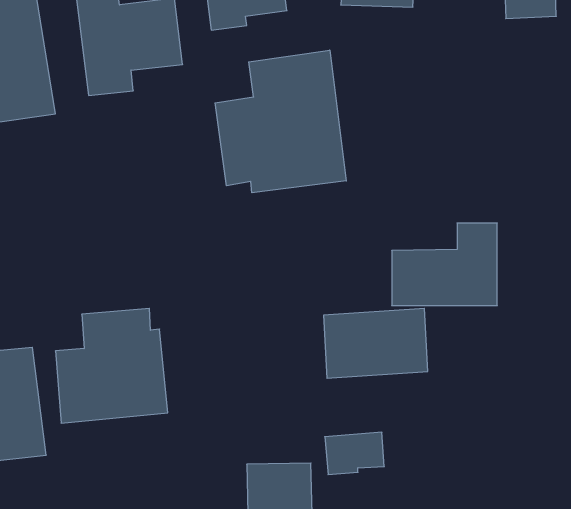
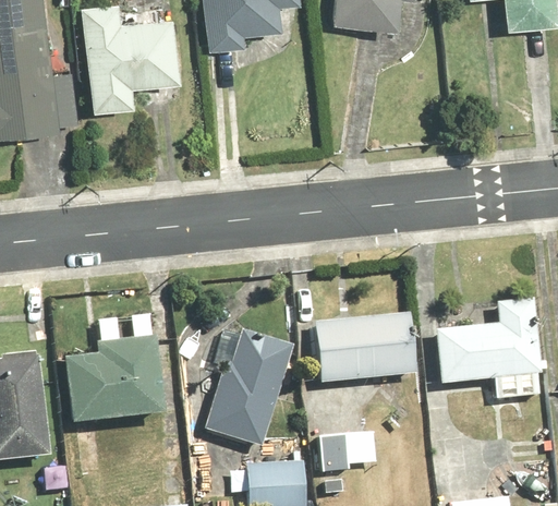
building: [215,50,346,193] -> none
building: [392,223,497,306] -> [427,308,527,386]
building: none -> [204,327,295,446]

